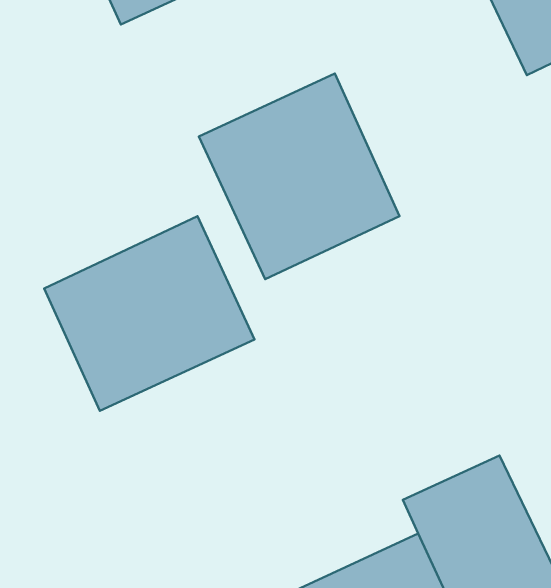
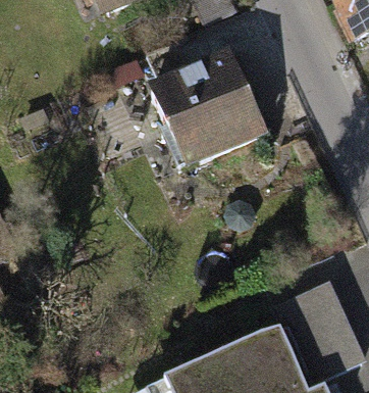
building: [44,216,255,411] -> none

